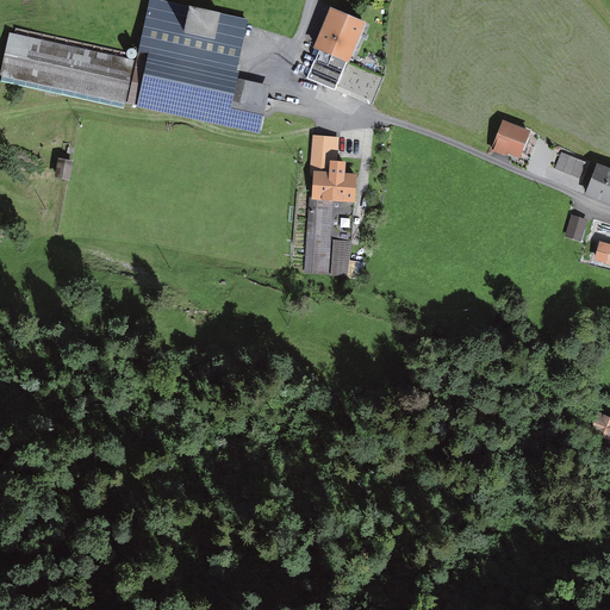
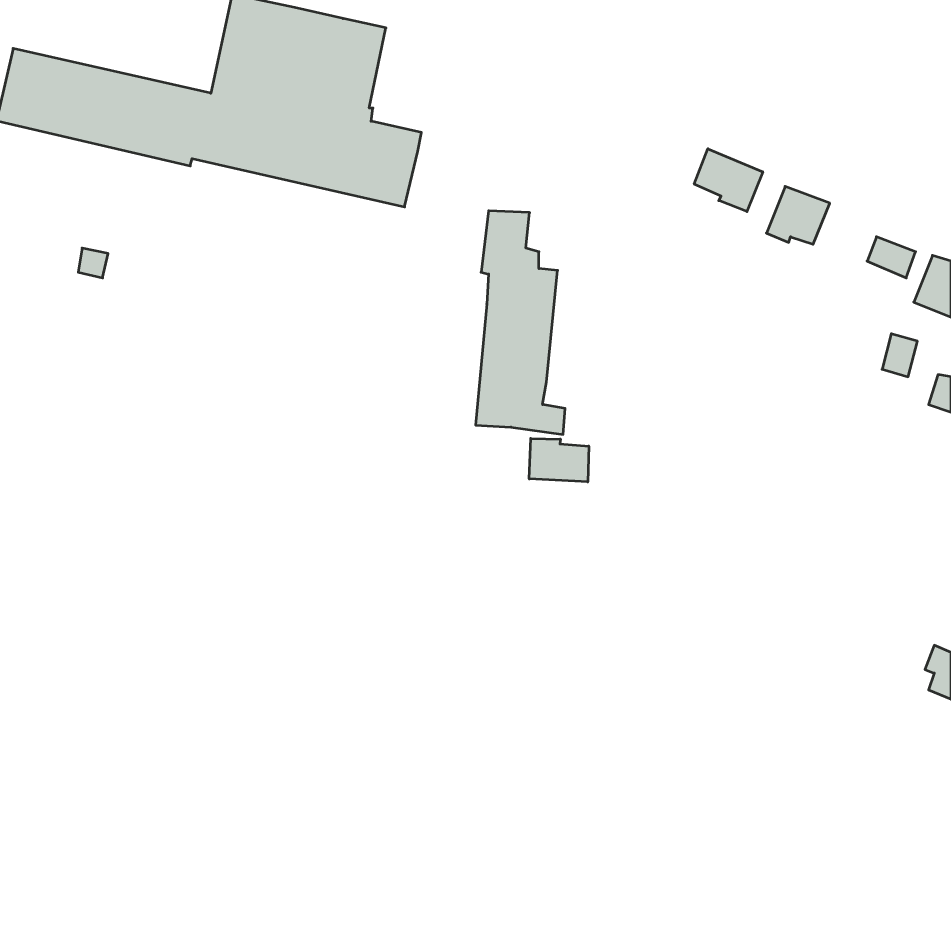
building: [306,7,367,88] -> none
building: none -> [694,149,763,212]
building: none -> [529,438,589,482]

